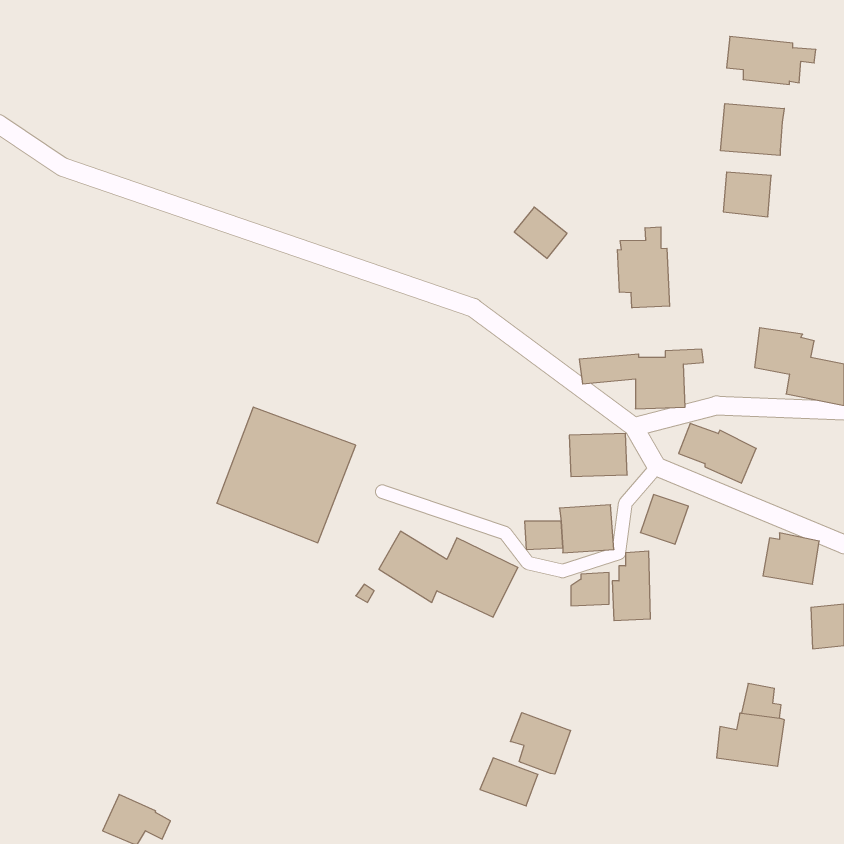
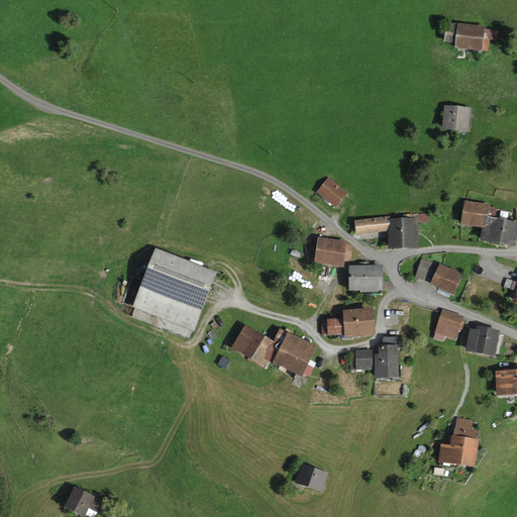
building: [721,104,784,155] -> none
building: [514,207,567,258] -> [315,177,347,208]
building: [617,227,670,308] -> none
building: none -> [313,236,352,266]
building: [640,495,688,544] -> [434,309,463,339]
building: [510,713,571,774] -> none

